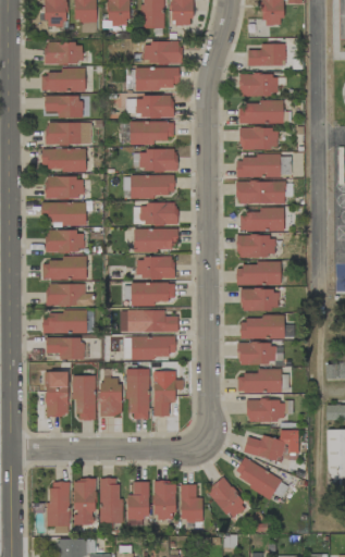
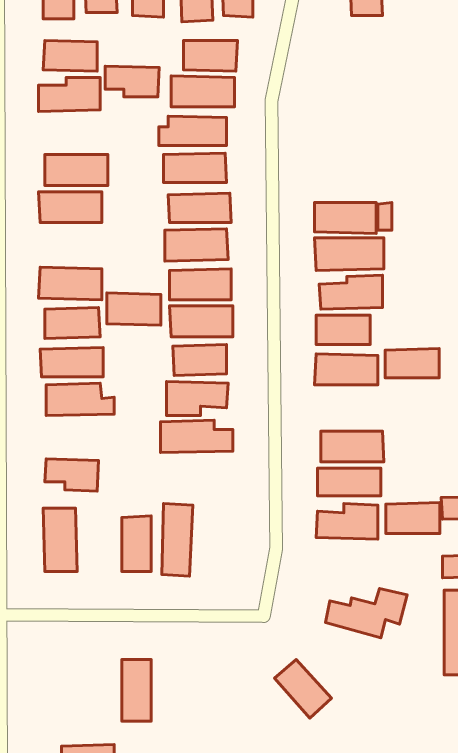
building: [247,42,285,65] -> none
building: [239,73,279,95] -> none
building: [45,95,83,116] -> [105,66,159,97]
building: [239,102,283,123] -> none
building: [239,127,278,149] -> none
building: [46,175,84,198] -> [107,293,161,325]
building: [241,288,279,309] -> [385,348,439,378]
building: [42,310,87,333] -> none
building: [124,335,176,358] -> none
building: [74,374,97,420] -> none
building: [153,377,176,416] -> none
building: [247,398,285,420] -> [386,502,440,533]
building: [233,457,282,496] -> none
building: [74,479,96,524] -> none
building: [48,481,70,532] -> none
building: [127,481,148,520] -> none
building: [155,481,176,519] -> none
building: [181,484,202,521] -> none

